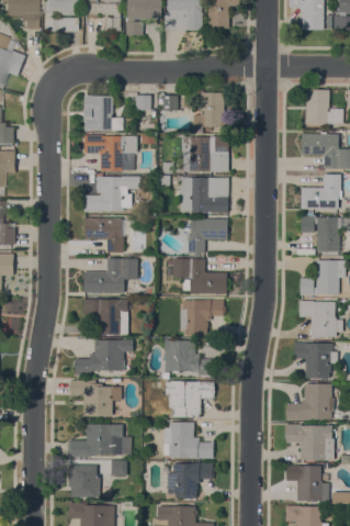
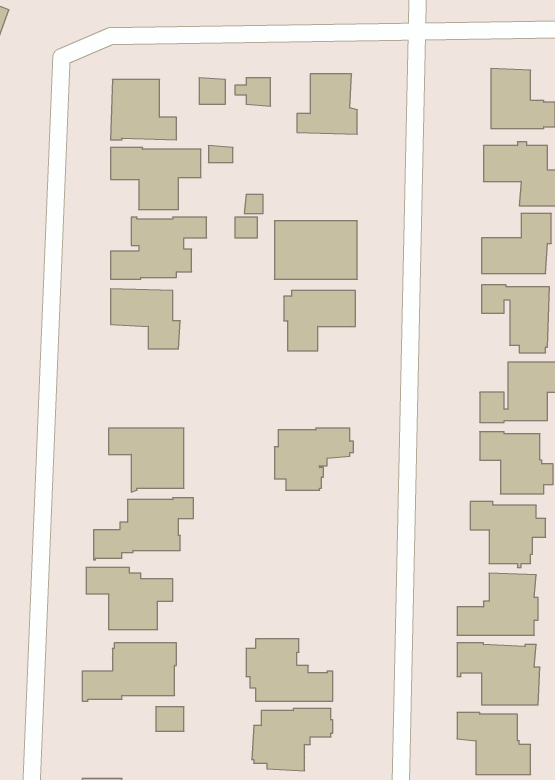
building: [182,136,229,171] -> none
building: [86,258,138,293] -> none
building: [169,258,228,294] -> none
building: [166,340,215,377] -> none
building: [167,381,215,417] -> none
building: [69,465,101,497] -> none

